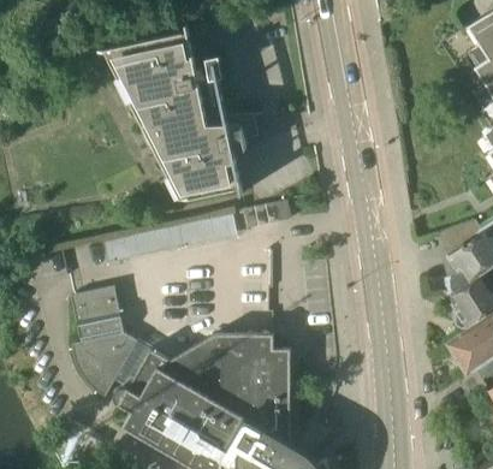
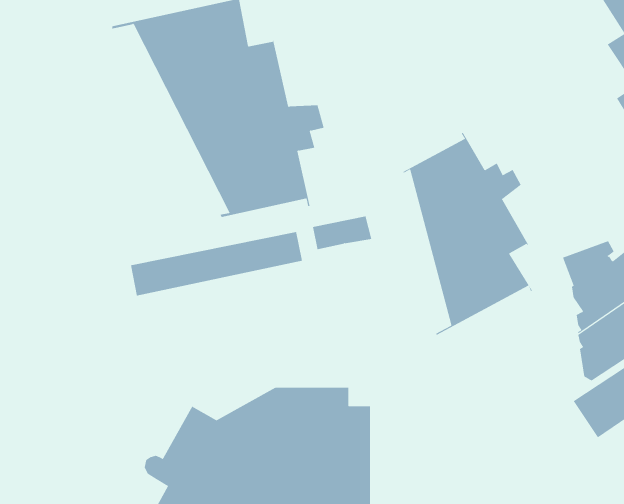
building: none -> [403,132,533,335]
building: [72,286,138,397] -> none

